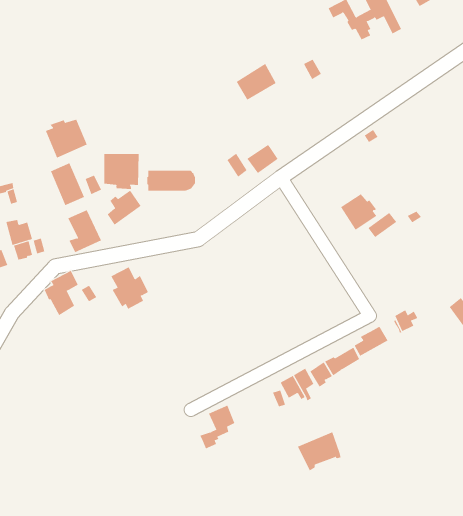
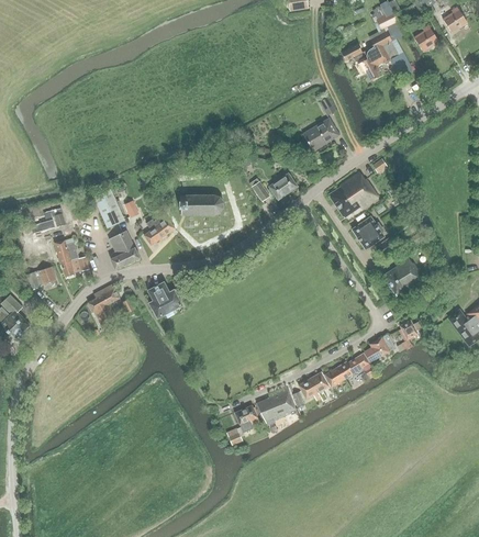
building: [236,63,277,100] -> [302,118,338,150]
building: [45,119,88,158] -> none
building: none -> [328,172,378,217]
building: [104,153,139,190] -> none
building: none -> [382,256,425,295]
building: [297,432,341,471] -> [256,390,296,425]

